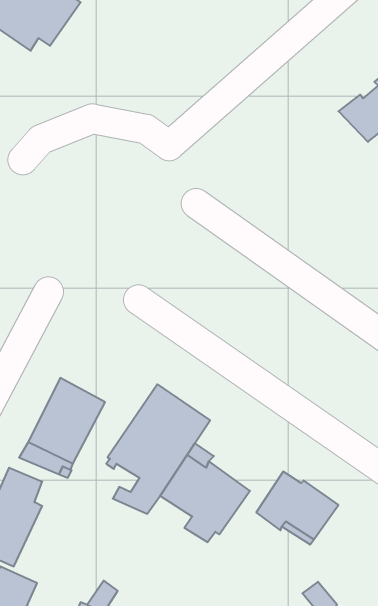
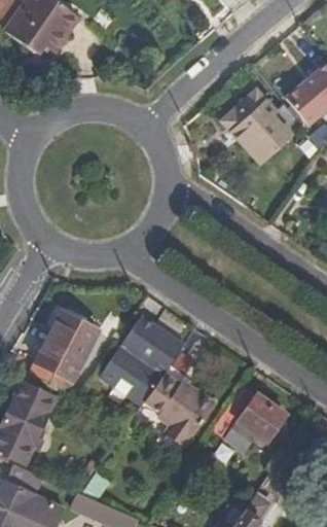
building: none -> [223,93,302,165]

